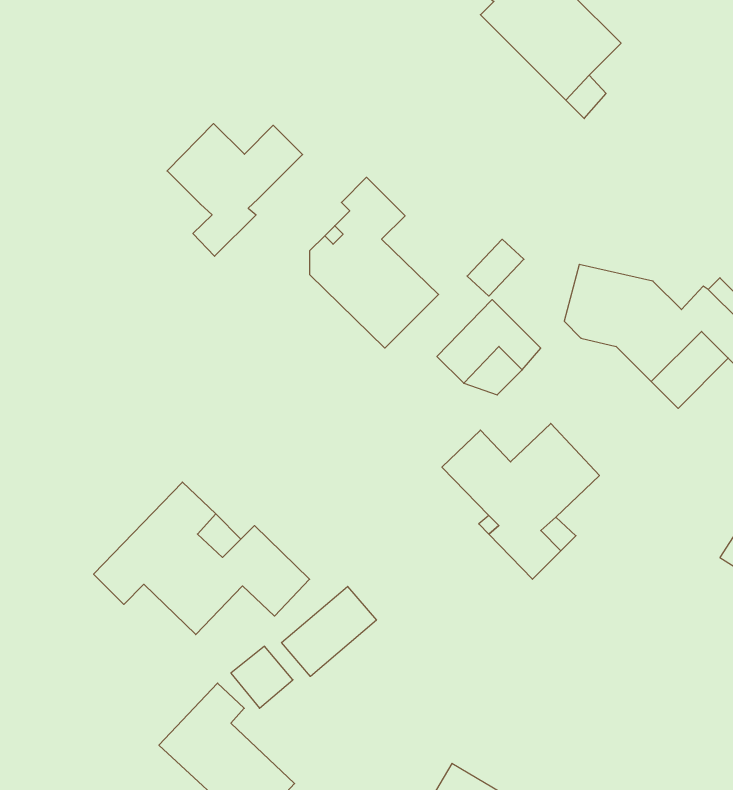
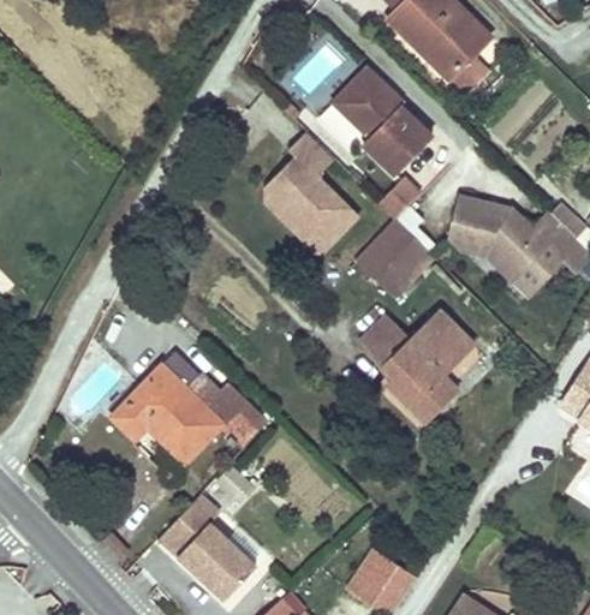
building: none -> [333,66,431,173]
building: [167,124,303,256] -> none
building: [282,586,376,676] -> none

